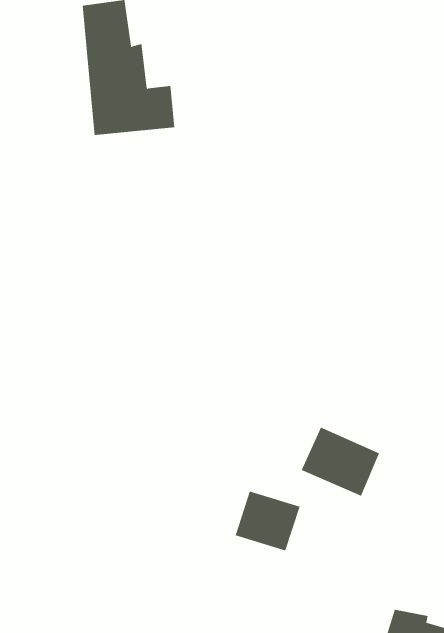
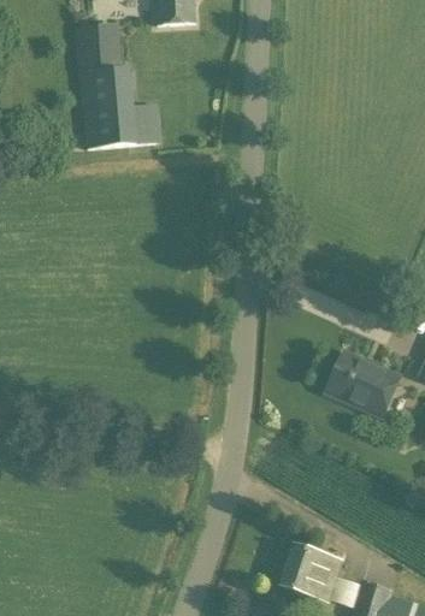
building: [301,427,380,496] -> [327,350,400,414]
building: [235,491,300,551] -> [282,544,342,599]

